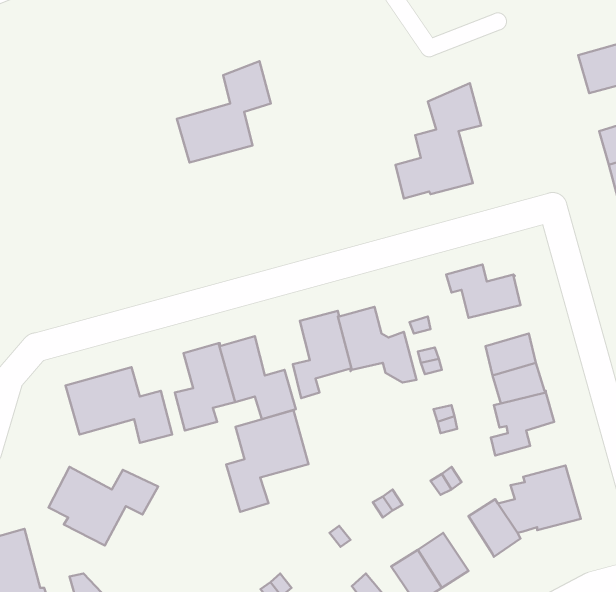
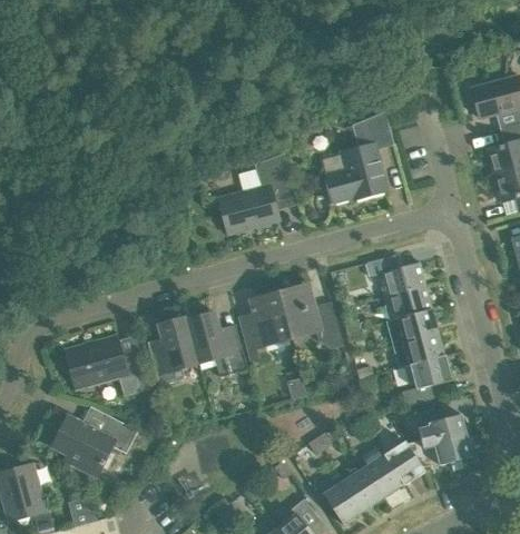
building: [177,61,271,162] -> [218,152,293,233]
building: none -> [384,286,432,319]
building: [226,410,308,512] -> none
building: none -> [364,453,403,496]

